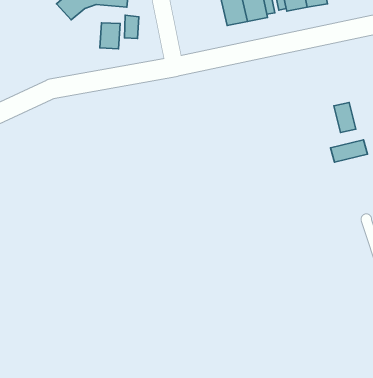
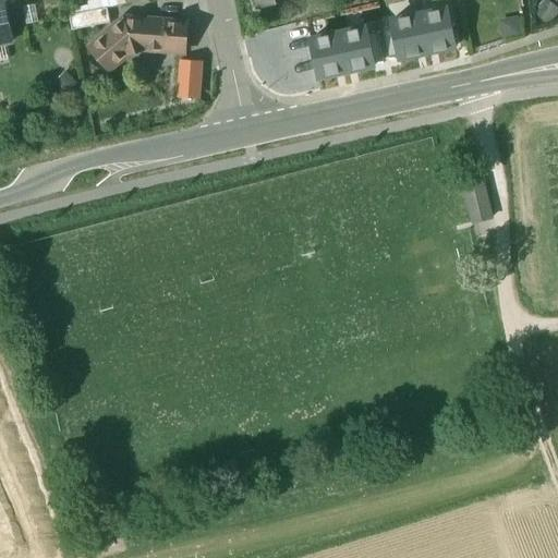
building: [100,23,120,49] -> none
building: [330,140,368,162] -> none

